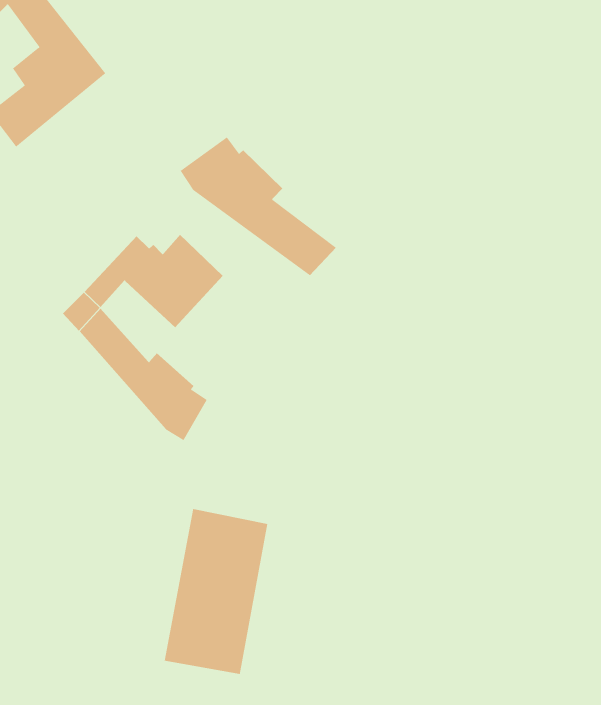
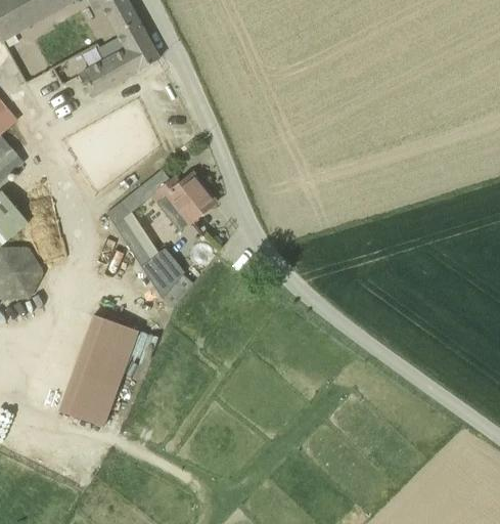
building: [180,137,337,276] -> none
building: [164,508,268,674] -> [58,312,140,426]

